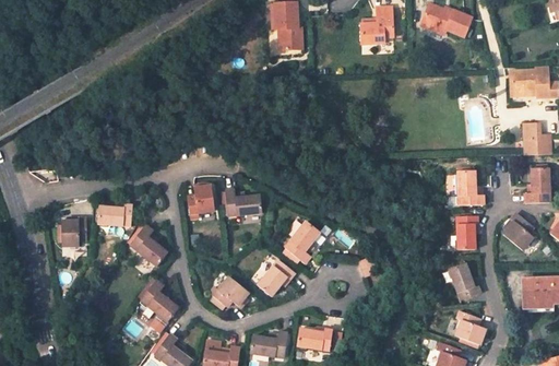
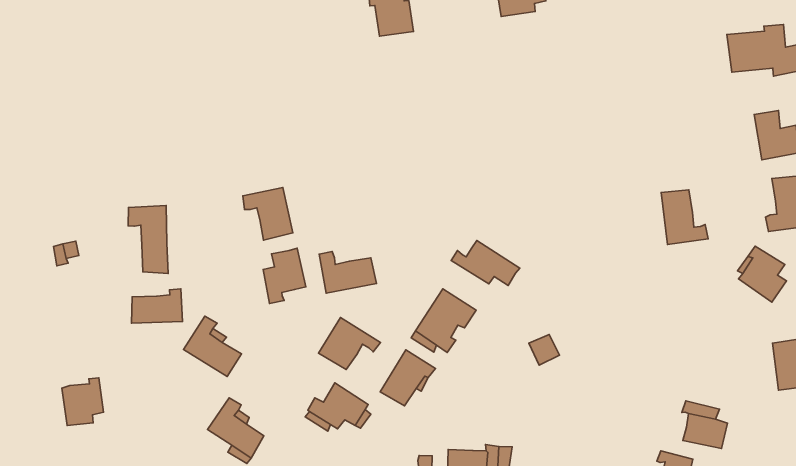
building: none -> [243,187,293,240]
building: none -> [128,205,168,273]
building: none -> [451,240,520,286]
building: [455,215,477,249] -> none
building: [60,216,86,246] -> [62,378,104,425]
building: none -> [319,318,381,369]
building: [448,262,480,300] -> none

